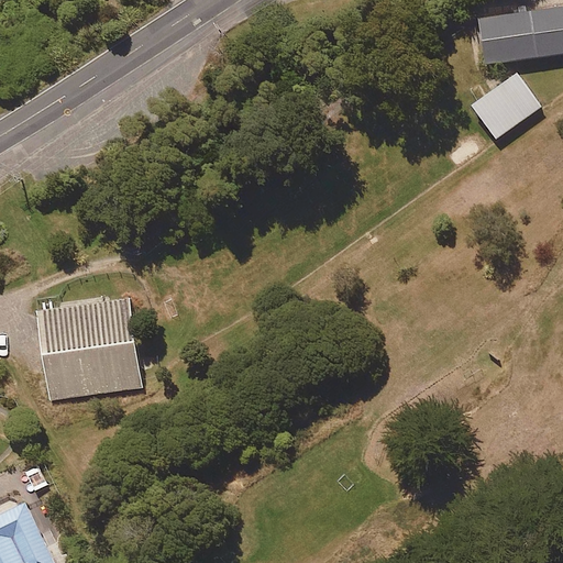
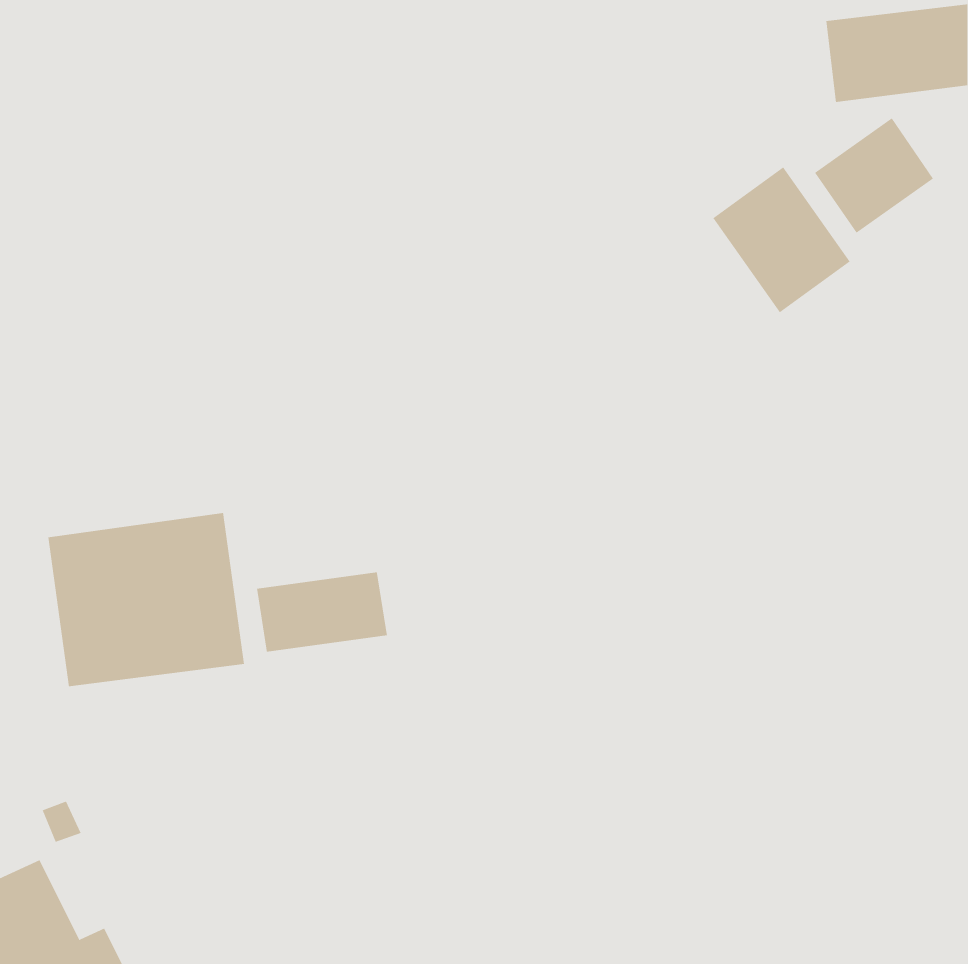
building: none -> [713,167,850,313]
building: none -> [256,572,387,653]

